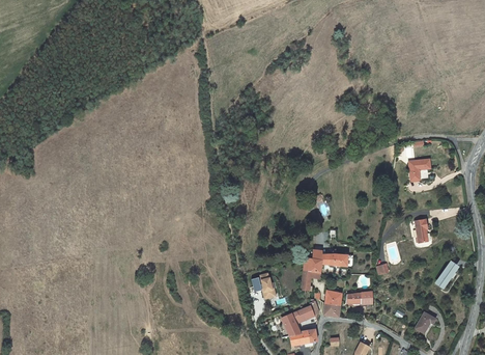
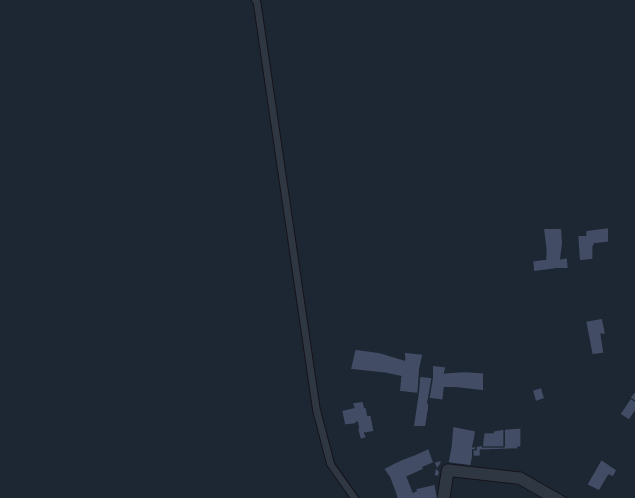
building: none -> [533,228,568,272]
building: none -> [351,349,423,394]

